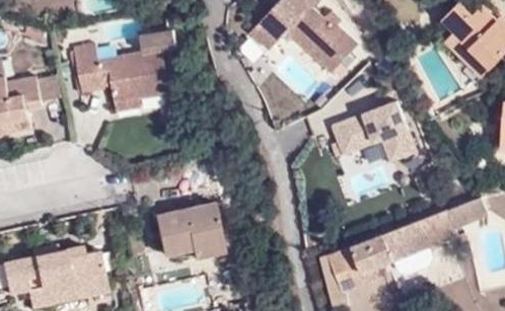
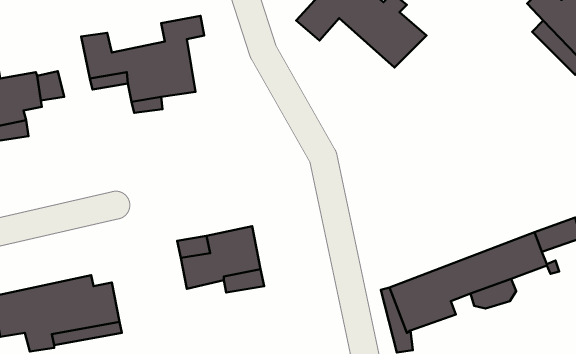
building: [331,100,414,173] -> none

